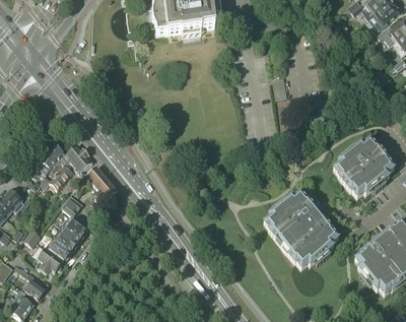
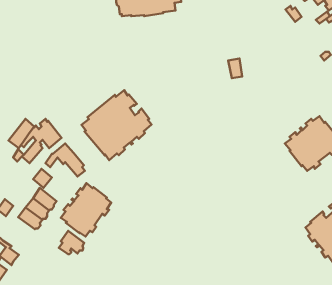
building: none -> [82,90,151,160]
building: [264,193,338,269] -> none
building: none -> [61,183,111,236]
building: [36,248,63,273] -> [59,231,84,254]

